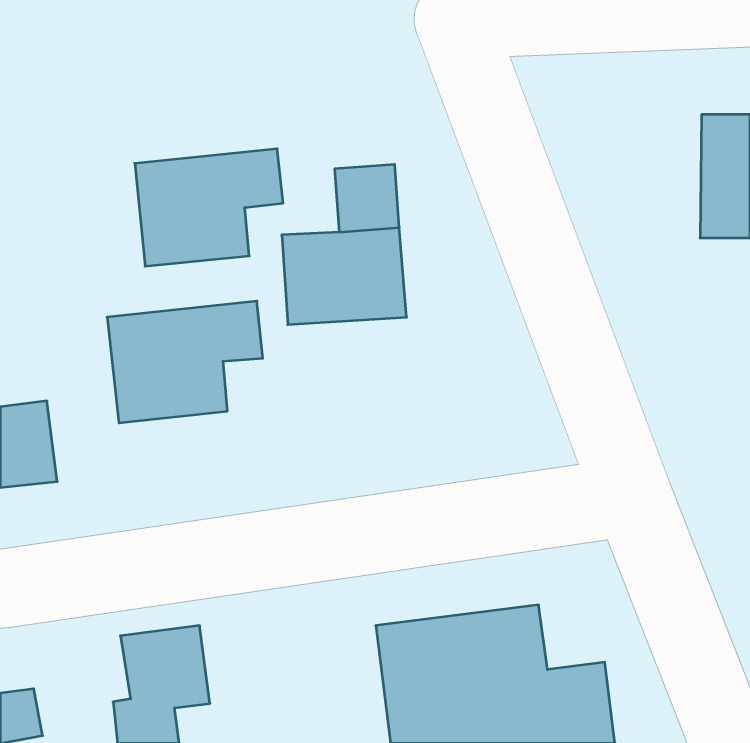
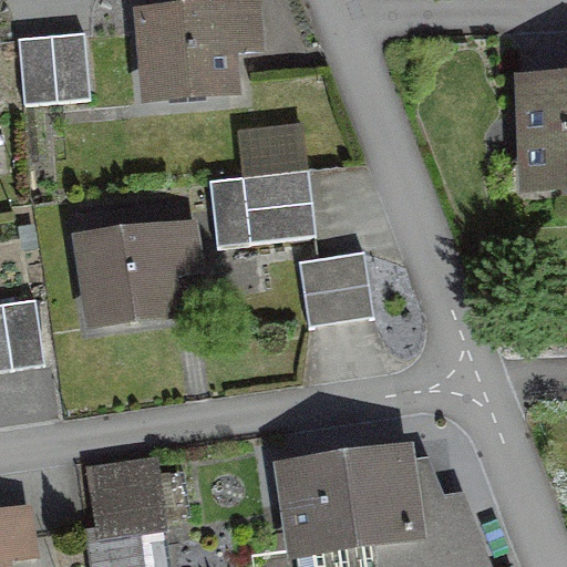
building: none -> [20,35,91,104]
building: [135,149,283,266] -> [143,4,255,93]
building: none -> [298,251,367,321]

